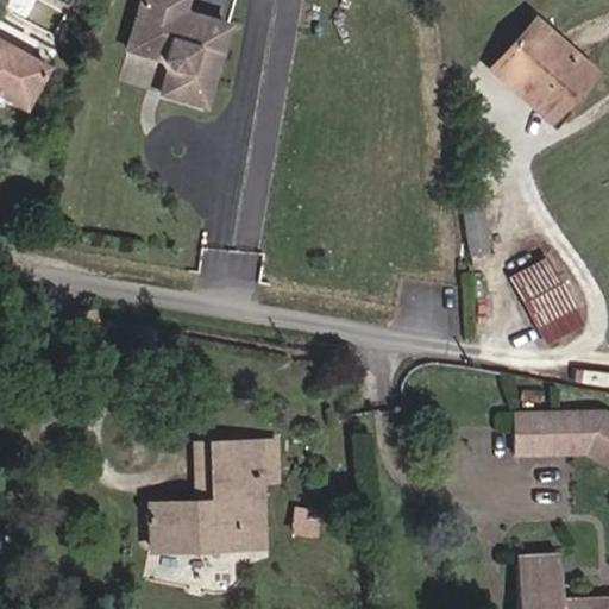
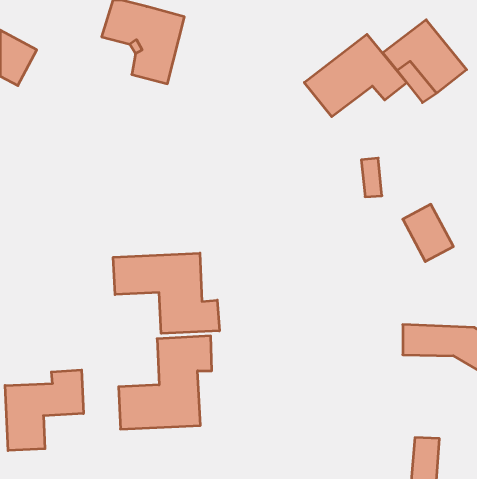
building: none -> [304,34,407,117]
building: none -> [113,253,219,333]
building: none -> [5,370,83,451]

